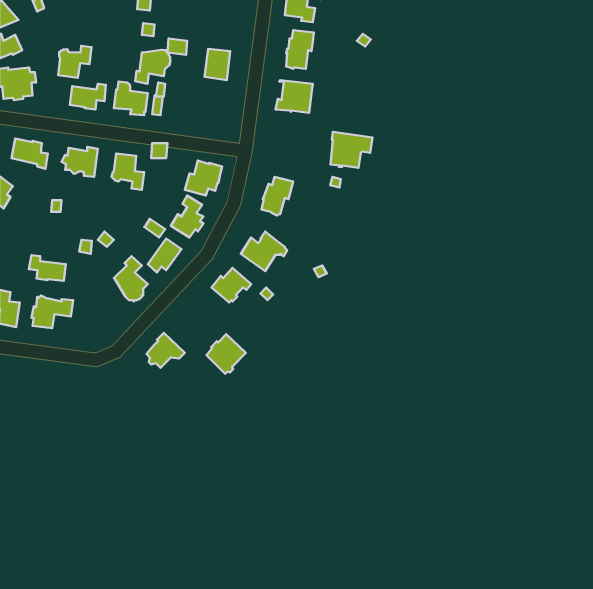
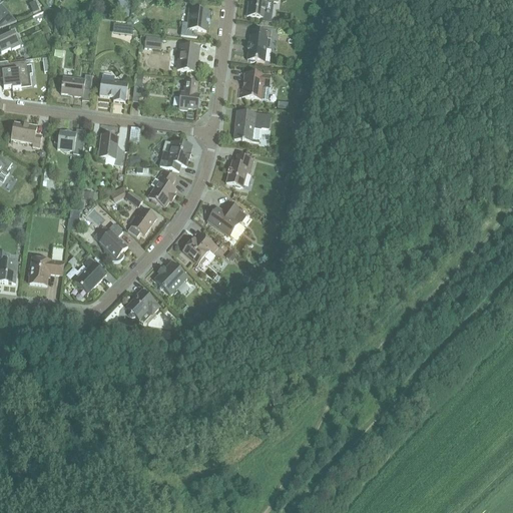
building: none -> [179,5,209,34]
building: [58,46,91,78] -> none
building: [135,50,170,84] -> none
building: none -> [178,78,198,107]
building: [331,132,372,168] -> [233,108,270,139]
building: [29,255,66,281] -> none
building: none -> [74,254,105,291]
building: [206,334,246,374] -> [153,259,187,293]

